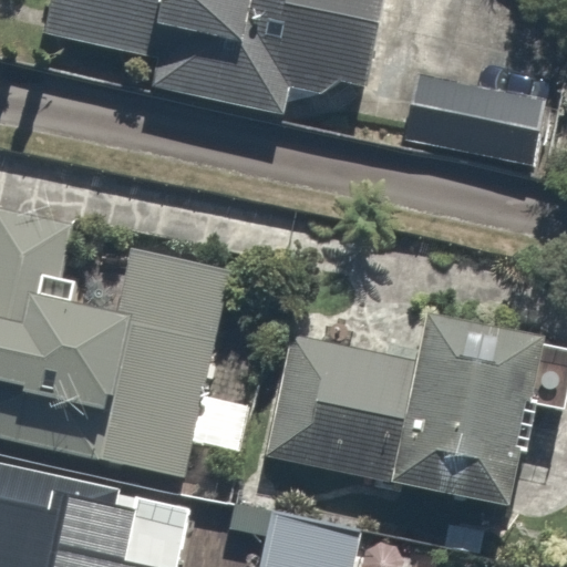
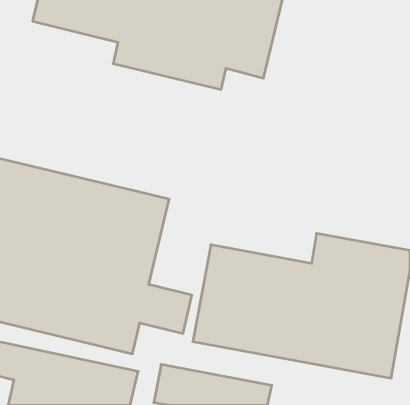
building: [391,72,550,167] -> none

